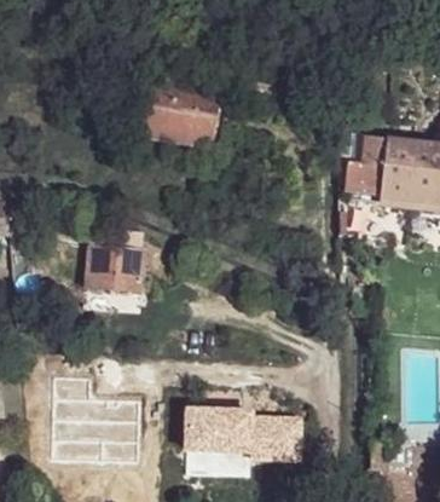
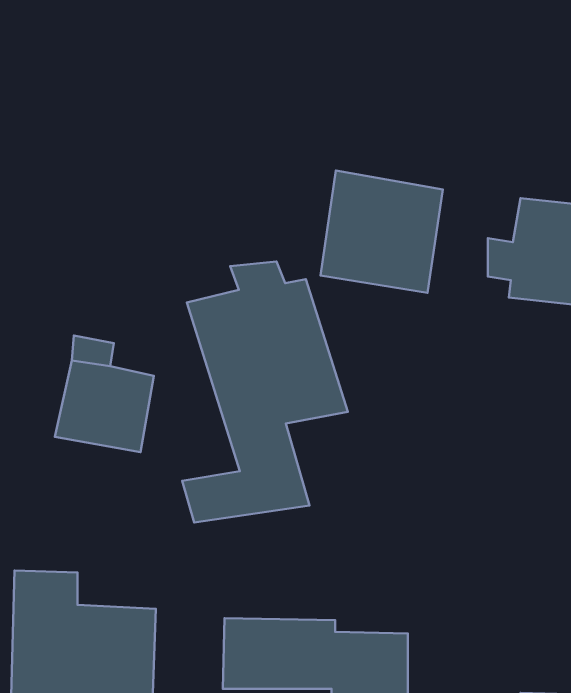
building: [145,79,222,156] -> [321,171,443,293]
building: none -> [182,262,348,523]

